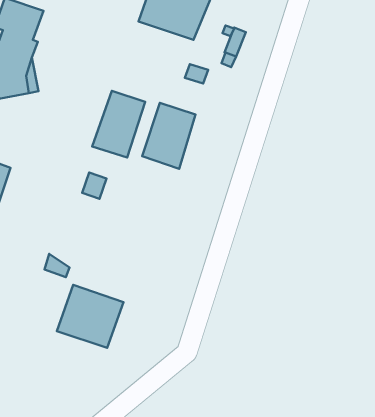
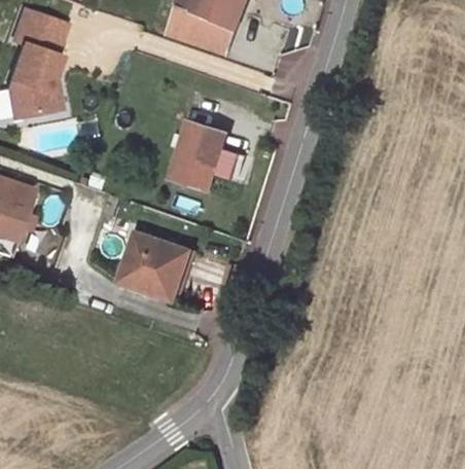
building: [92,91,145,157] -> none
building: [57,285,124,348] -> [120,232,191,299]

